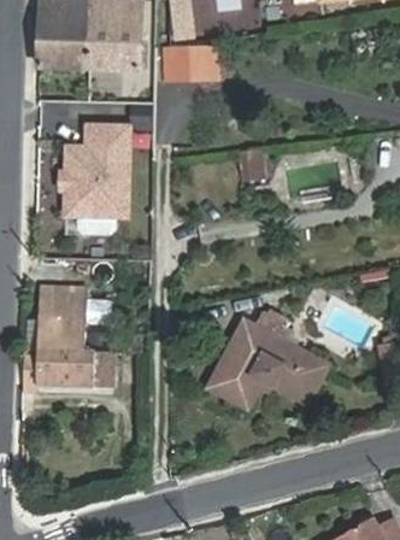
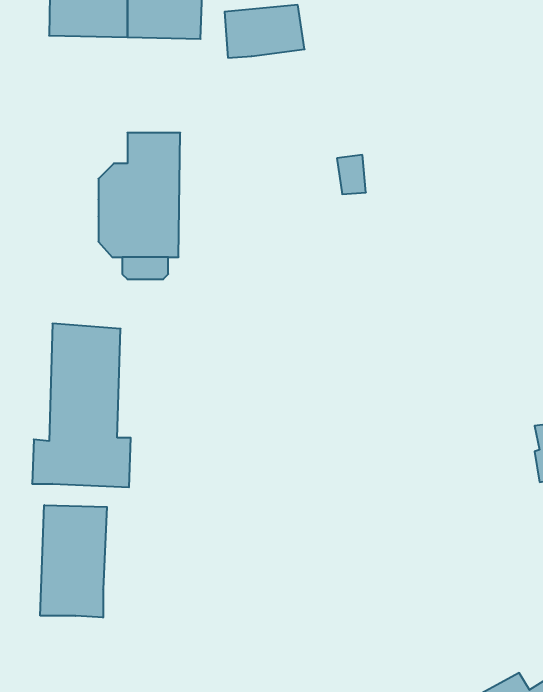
building: [200,317,322,406] -> none
building: none -> [40,505,107,618]

